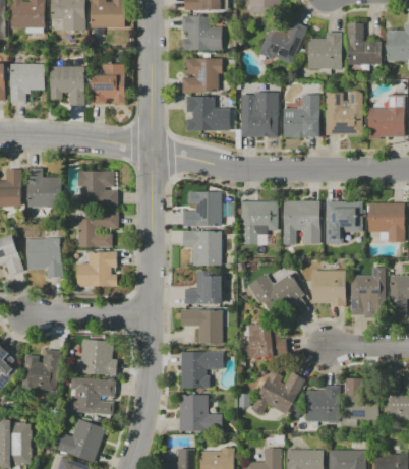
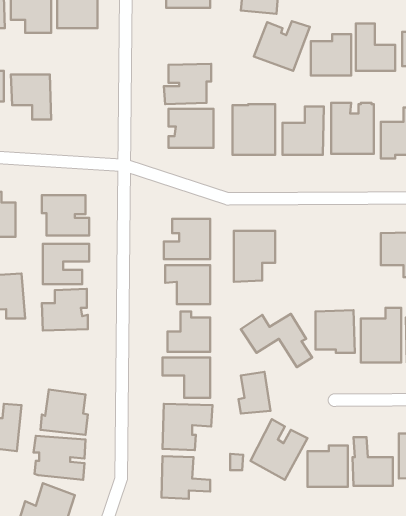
building: [181,15,222,50] -> none
building: [91,64,125,105] -> none
building: [284,201,320,244] -> none
building: [326,201,363,243] -> none

